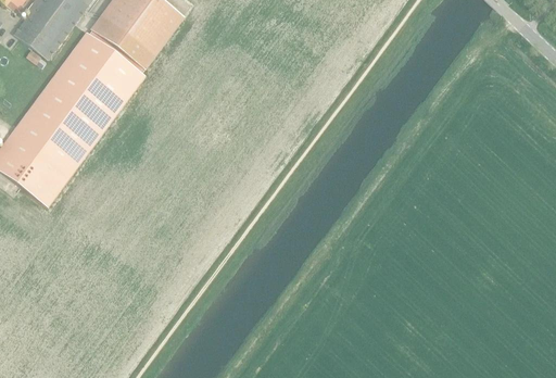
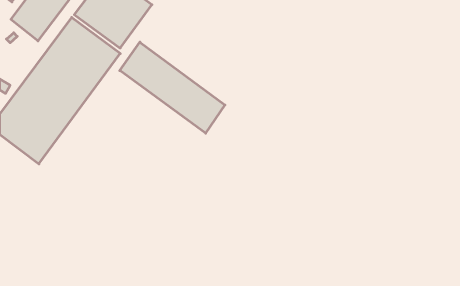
building: none -> [120,42,225,133]

